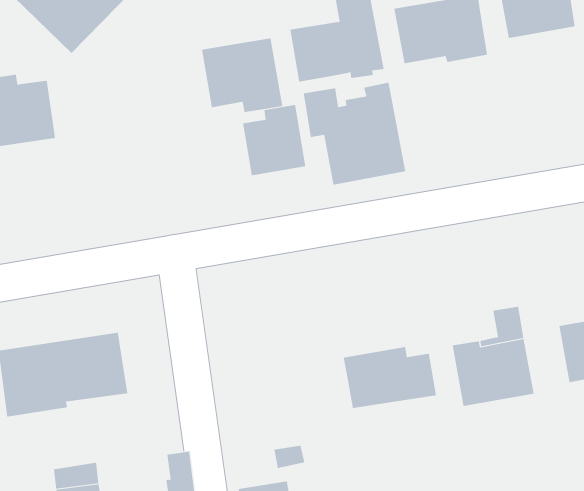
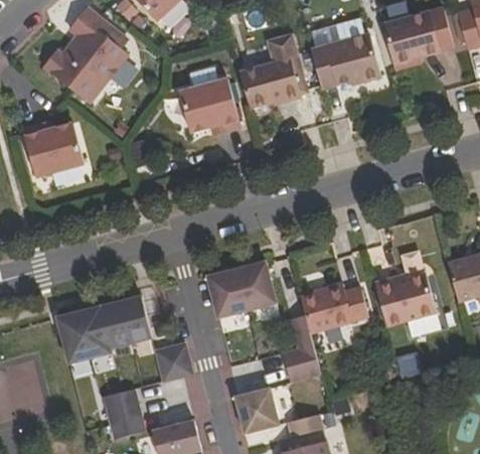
building: [303,82,406,186] -> none
building: [242,104,306,176] -> none
building: none -> [206,262,275,318]
building: none -> [282,315,320,382]
building: none -> [155,343,192,382]

